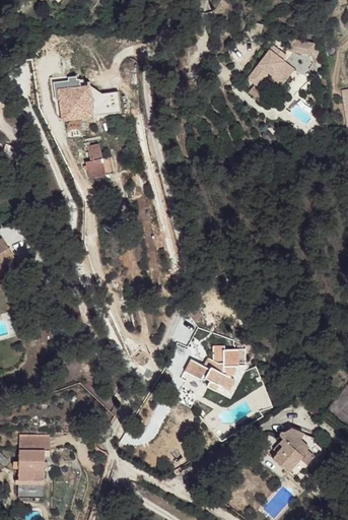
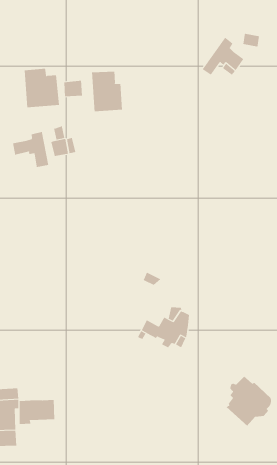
building: none -> [92,71,123,112]
building: none -> [13,131,49,168]
building: none -> [19,399,55,425]

